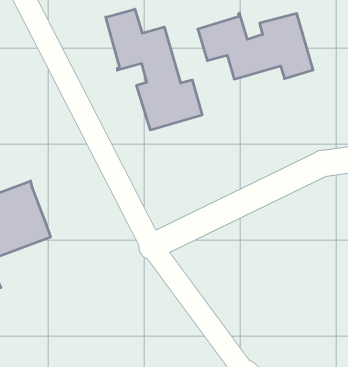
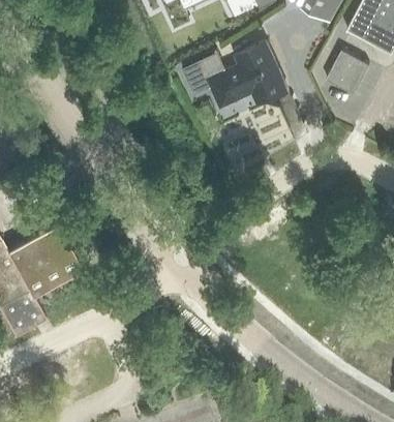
building: [106,9,202,130] -> none

